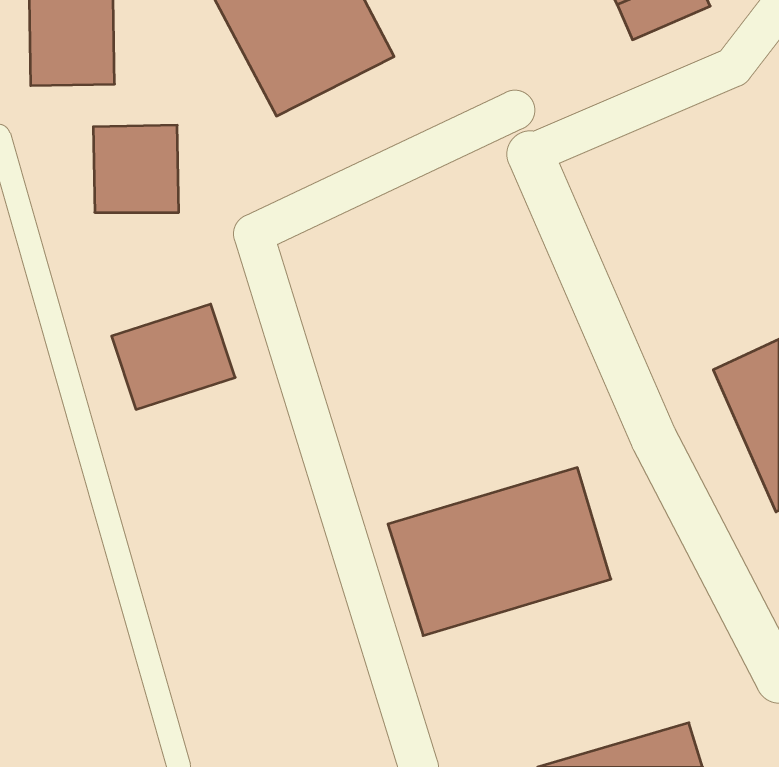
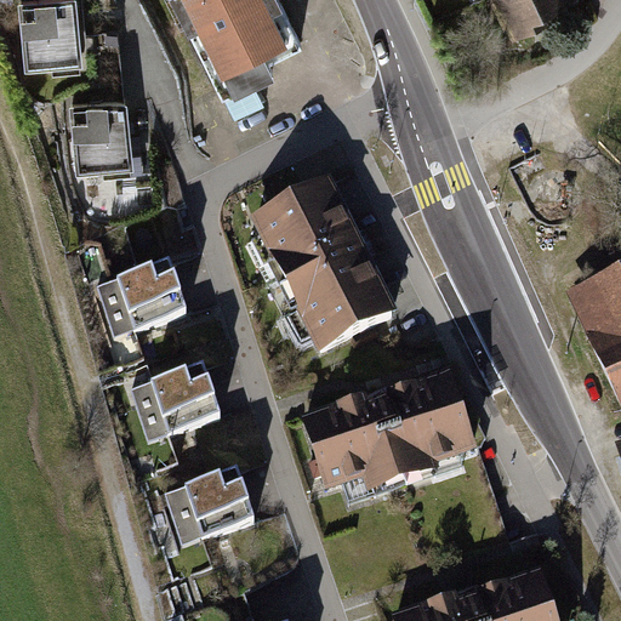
building: none -> [241,170,389,347]
building: none -> [127,360,226,445]
building: none -> [164,473,256,542]

